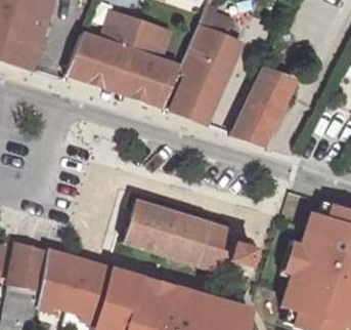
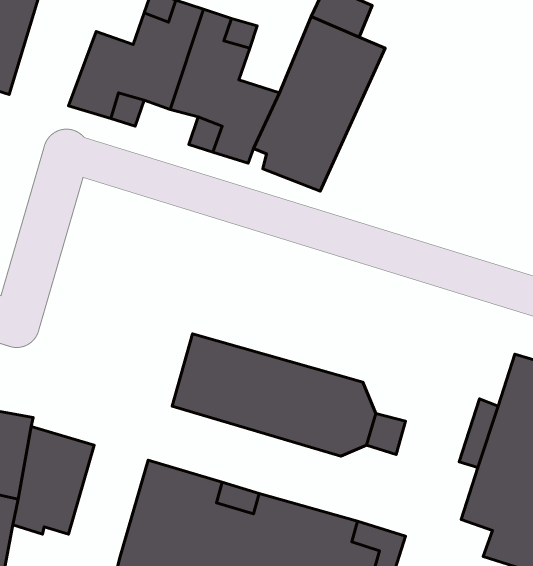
building: [232,69,296,143] -> none
building: [67,262,111,324] -> none

